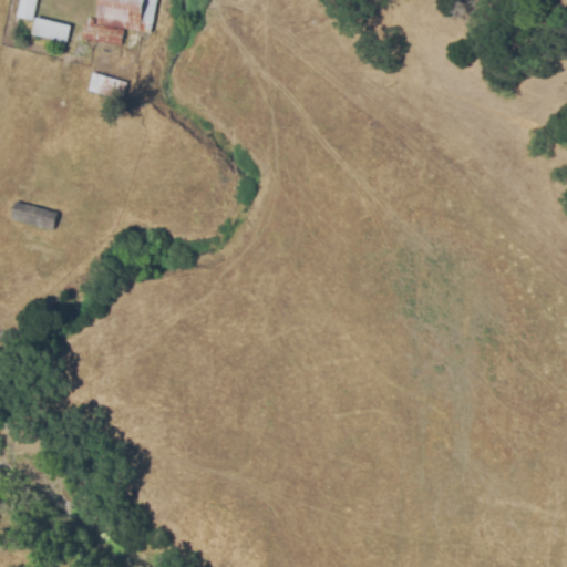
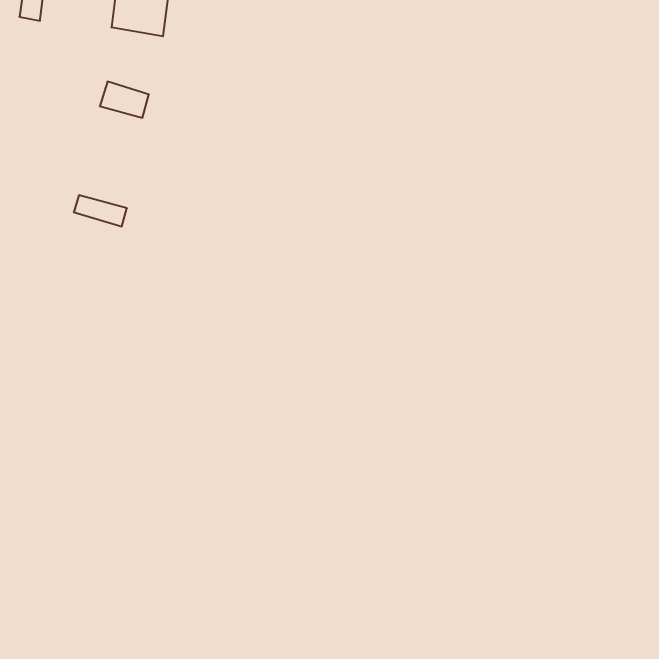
building: [30,17,69,42] -> none
building: [11,202,56,228] -> [74,195,127,226]

